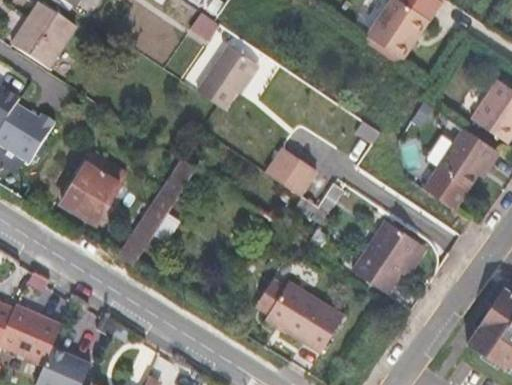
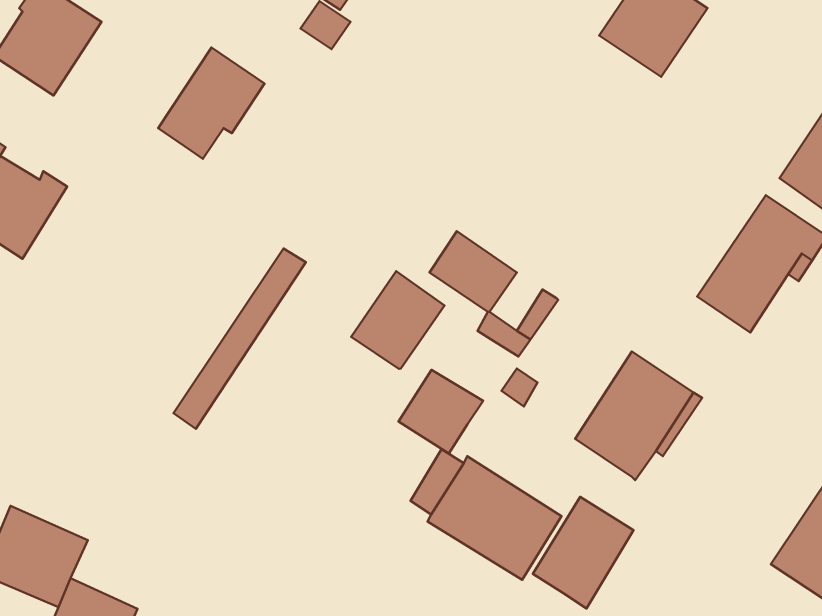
building: [197,43,259,108] -> [158,47,265,159]
building: [60,150,127,224] -> none
building: none -> [351,271,444,369]
building: none -> [399,370,483,453]
building: none -> [533,497,633,609]

